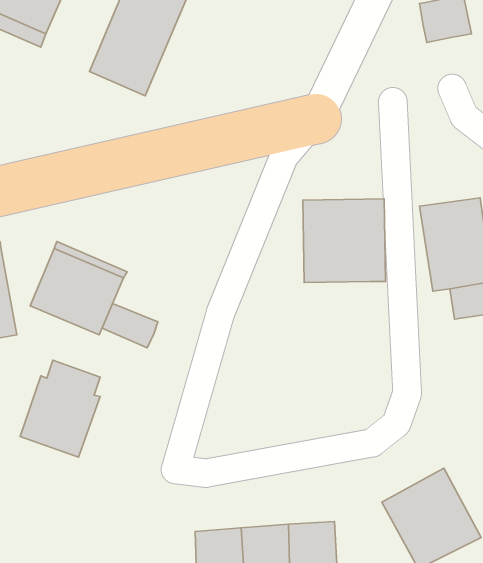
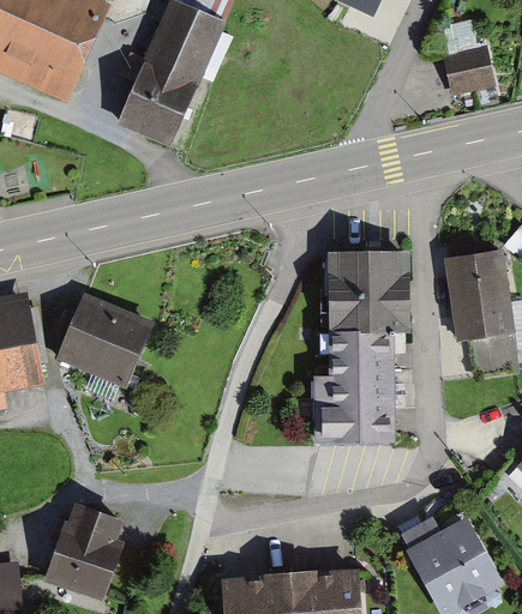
building: none -> [313,332,395,444]
building: [102,303,158,348] -> none
building: [20,360,100,457] -> [44,504,124,600]

